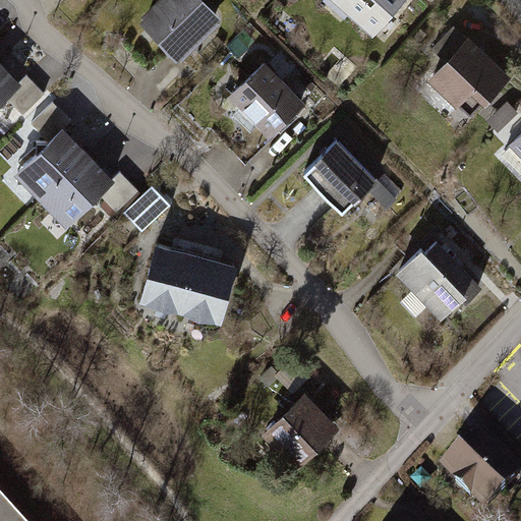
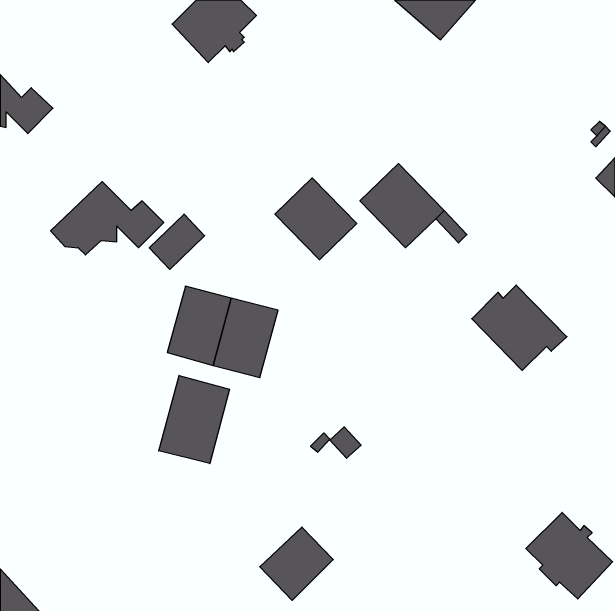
building: [432,28,506,115] -> none
building: [232,65,301,134] -> [275,178,357,260]
building: [23,104,86,198] -> none
building: none -> [159,375,229,464]
building: [269,399,331,461] -> [260,527,333,600]

